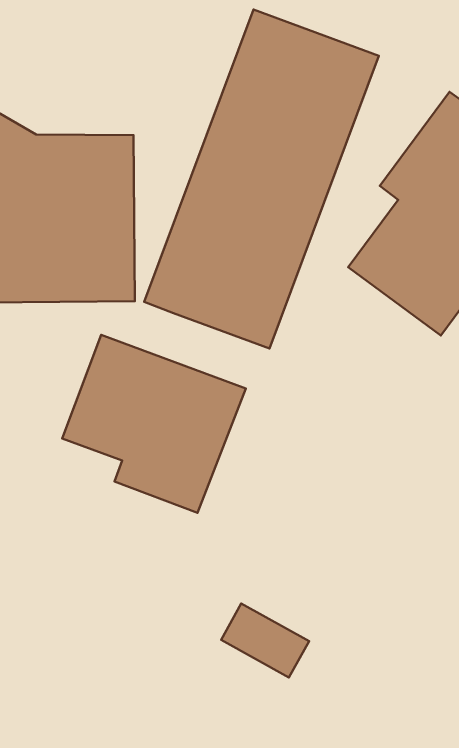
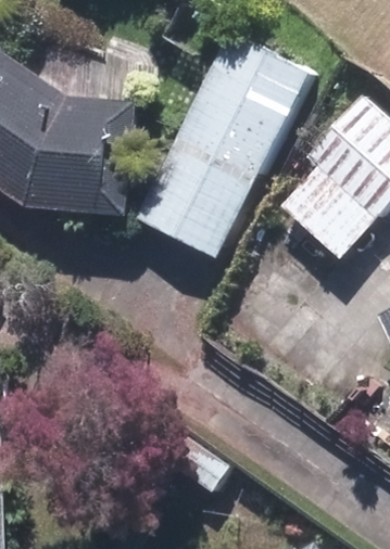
building: [62,335,246,513] -> none

